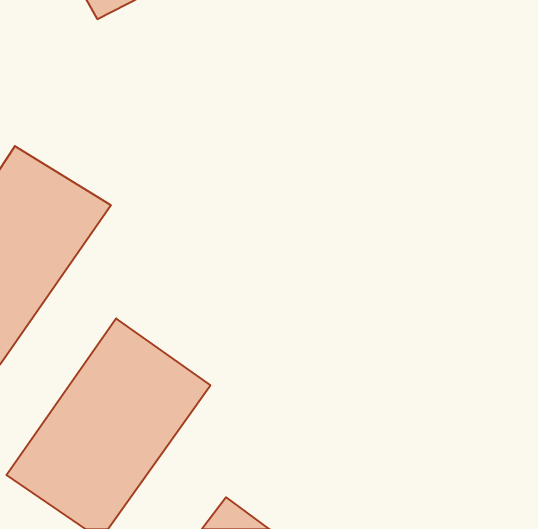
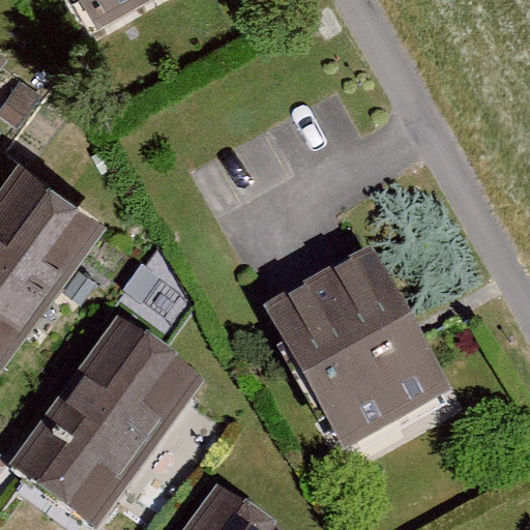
building: none -> [269,254,450,453]

